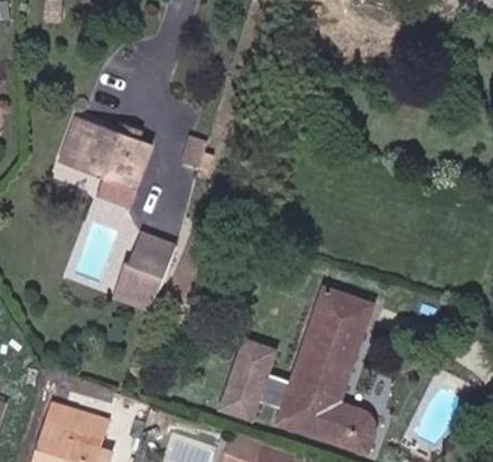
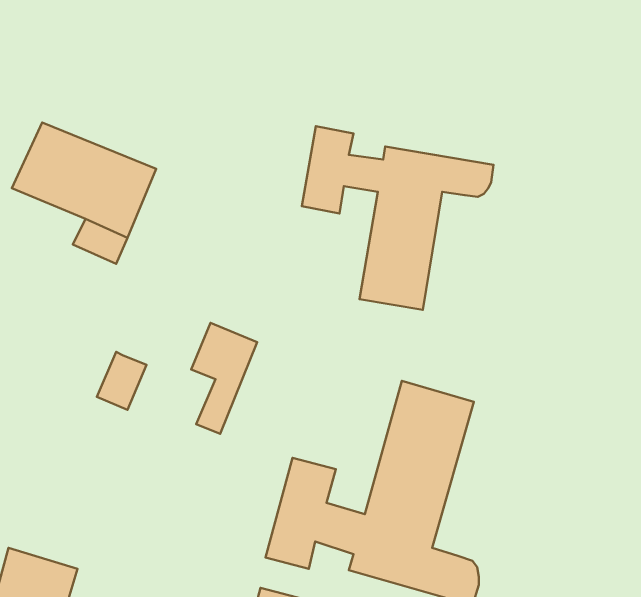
building: none -> [302,126,494,310]
building: [128,241,173,317] -> [191,323,257,434]

